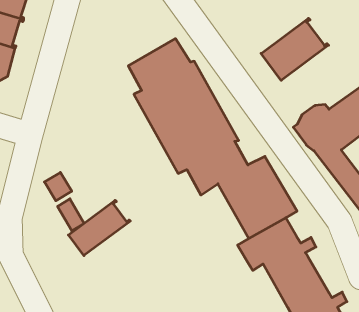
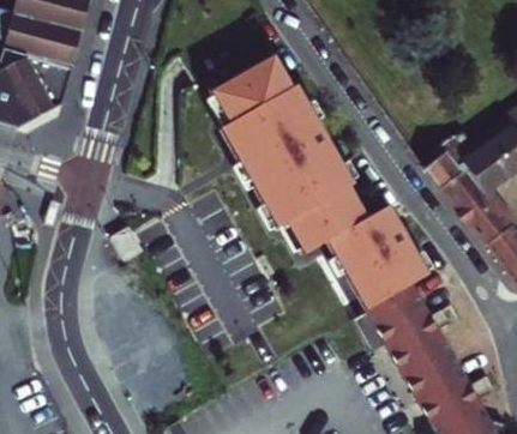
building: [261,18,329,80] -> none
building: [68,200,130,256] -> none

